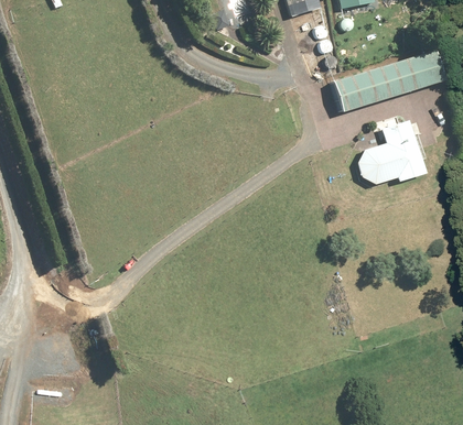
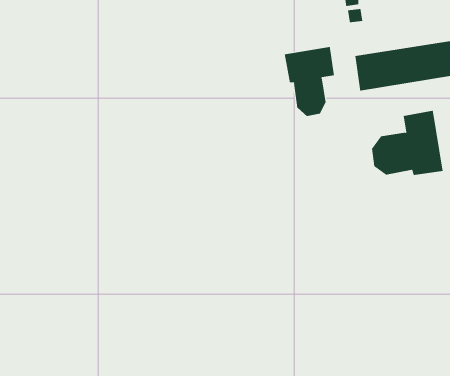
building: none -> [284,46,334,117]

